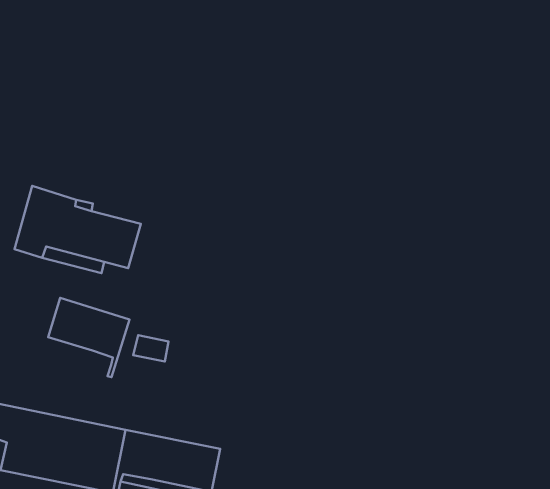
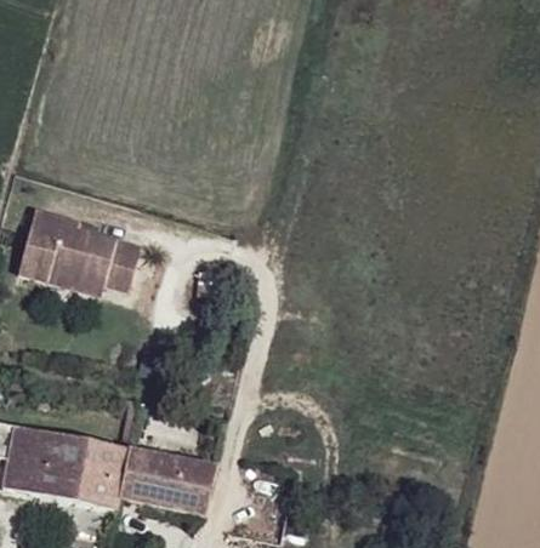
building: [48,298,130,377] -> none

